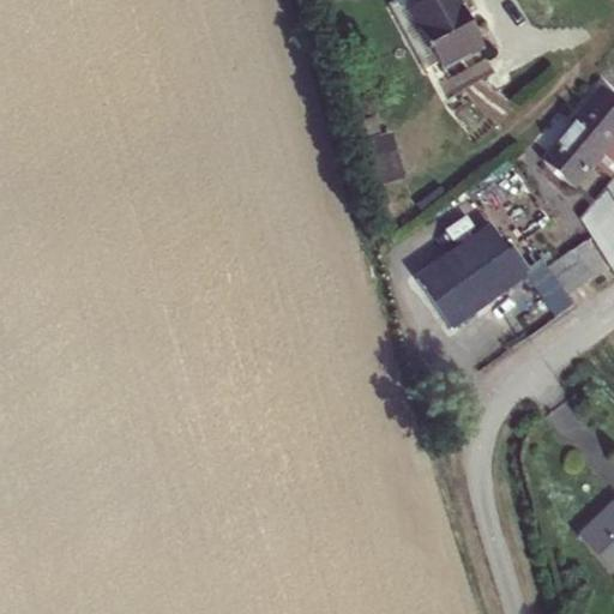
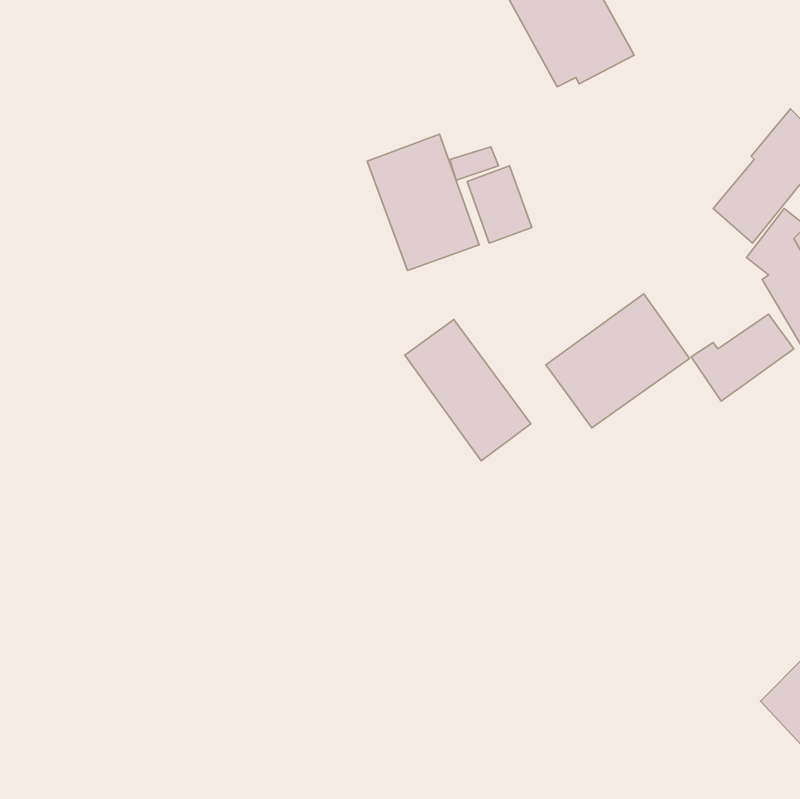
building: none -> [367,134,479,271]
building: none -> [405,319,531,461]

